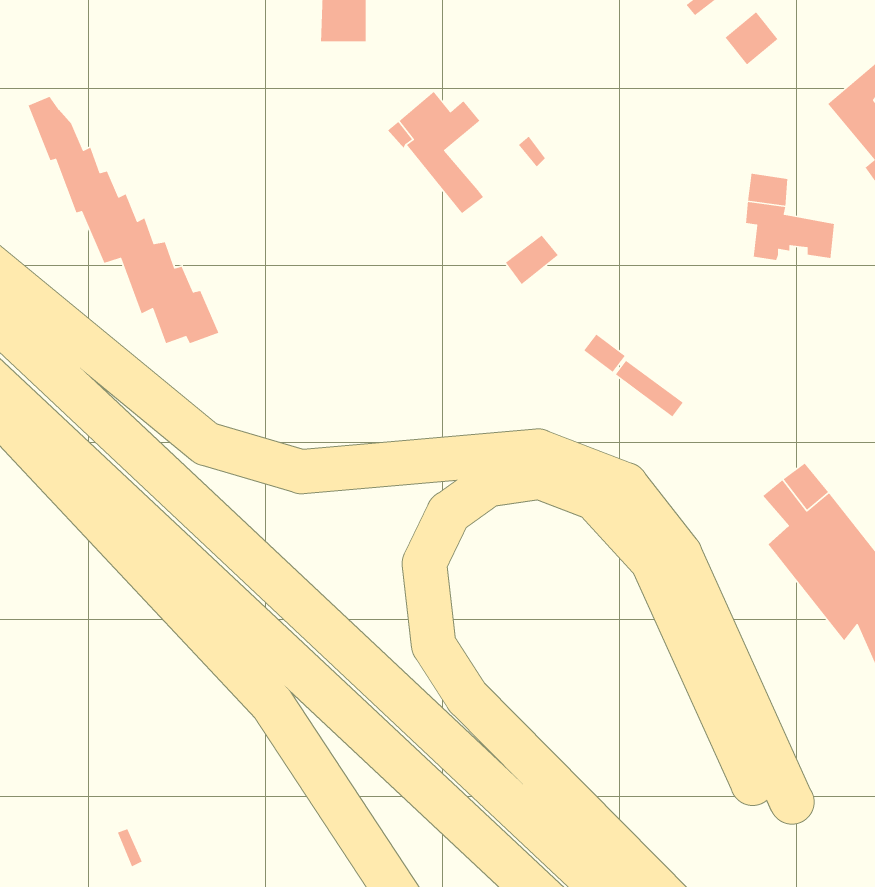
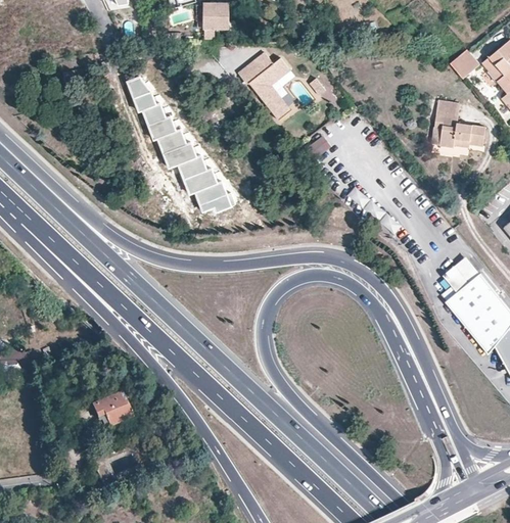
building: [724,11,778,65] -> [449,49,478,79]
building: [27,96,219,344] -> [127,76,232,211]
building: none -> [90,392,131,428]

